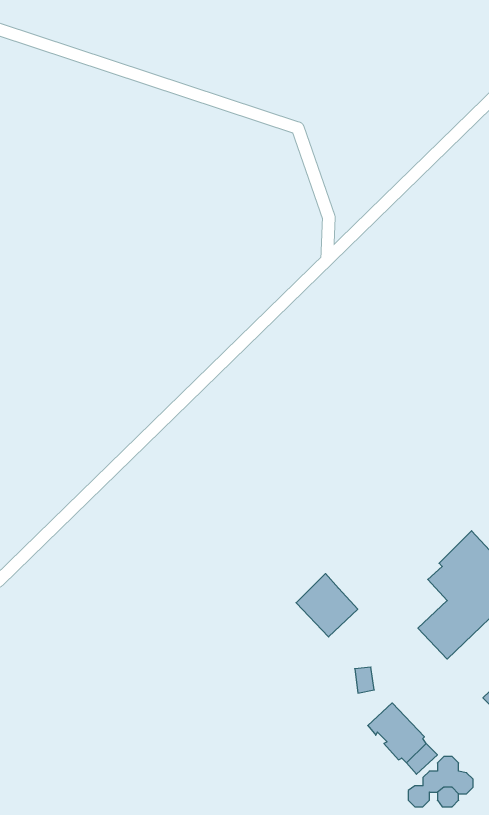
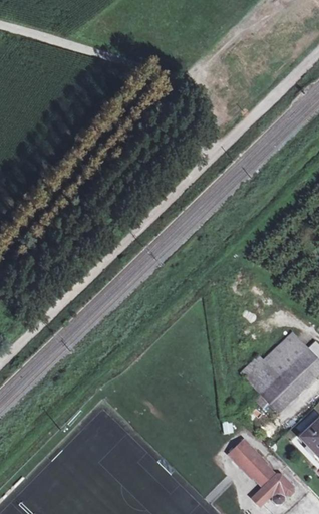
building: [296,574,358,637] -> [240,354,278,394]

